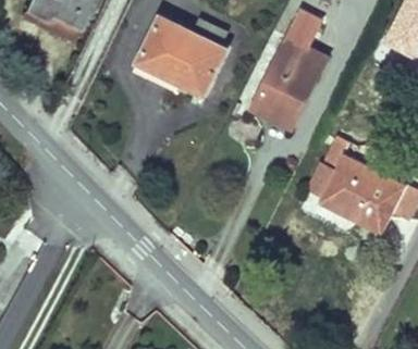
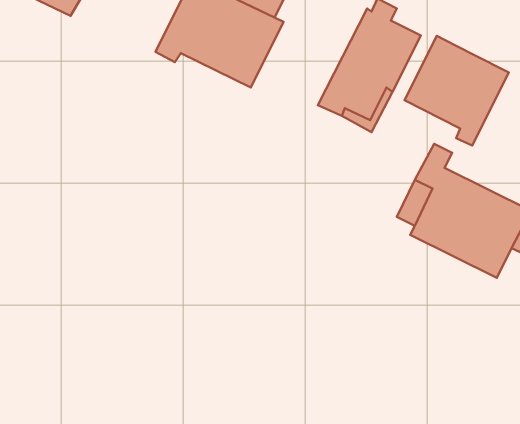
building: none -> [405,36,509,145]

